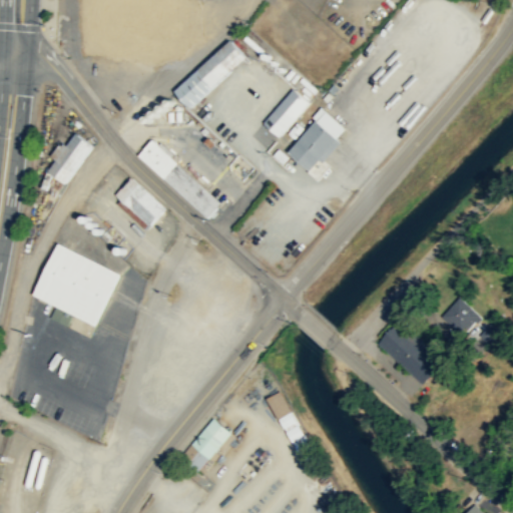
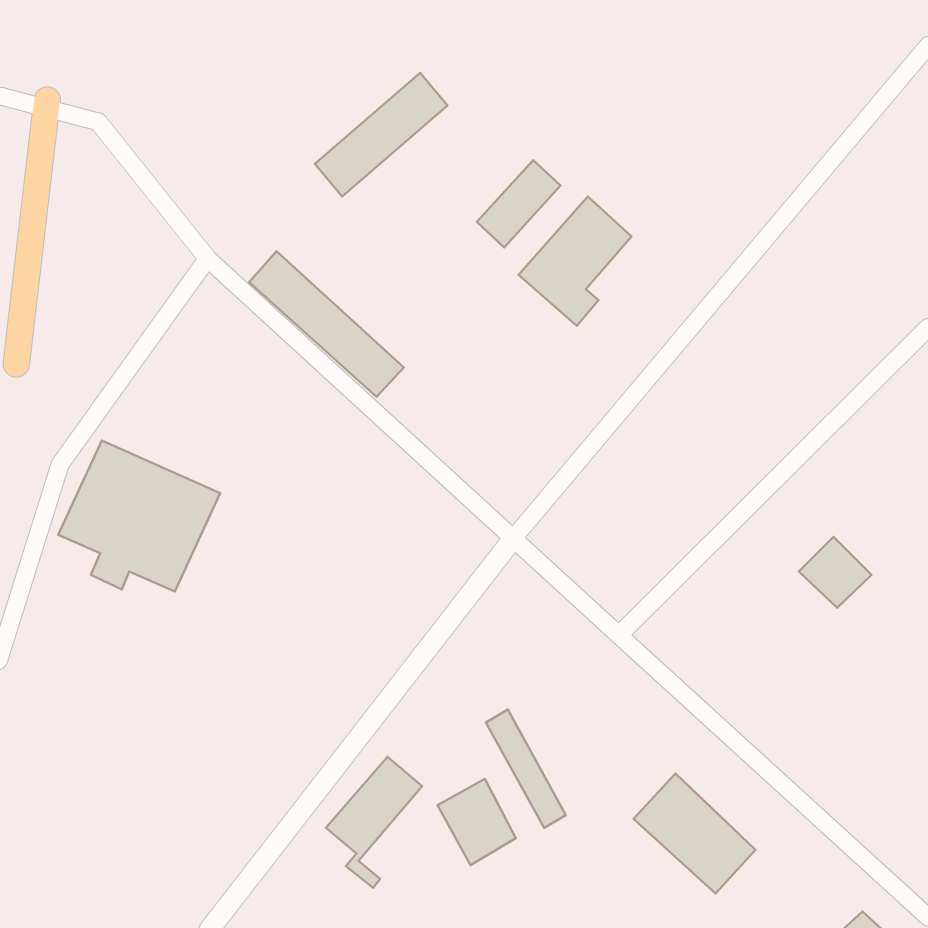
building: [47,133,92,184] -> none
building: [112,178,164,229] -> none
building: [376,319,443,385] -> [633,773,755,894]
building: none -> [437,779,516,865]

